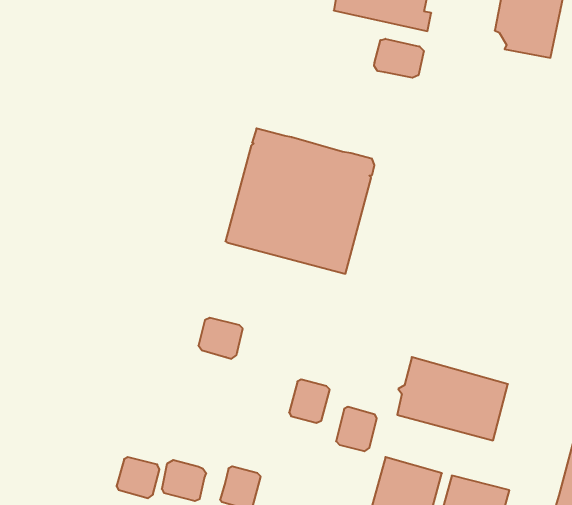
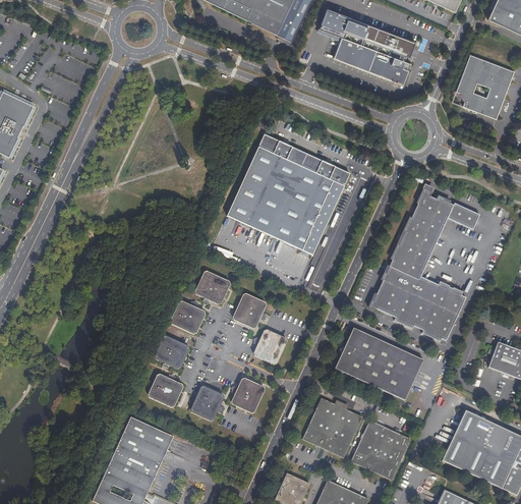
building: [374,39,424,78] -> none
building: none -> [368,188,479,341]
building: none -> [232,292,265,328]
building: none -> [170,300,205,334]
building: [336,407,377,451] -> [231,377,265,412]
building: [116,457,159,498] -> [154,336,188,370]

